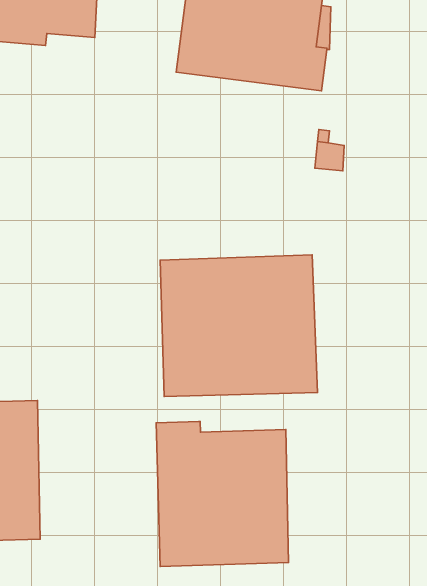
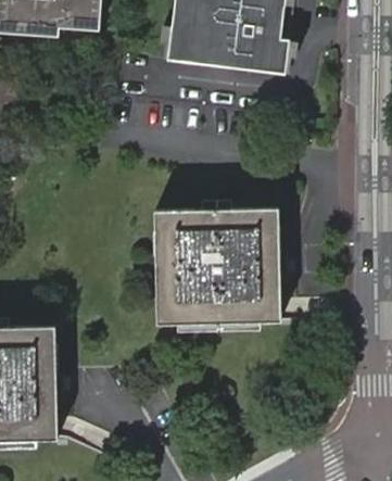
building: [156,422,288,566] -> none

